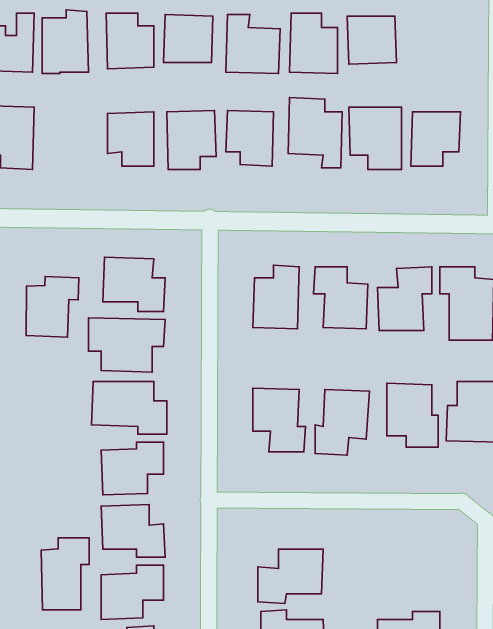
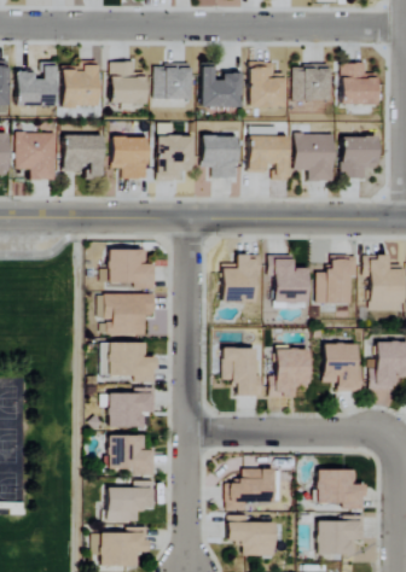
building: none -> [342,63,378,105]
building: none -> [63,136,103,179]
building: [26,277,79,337] -> none
building: [41,538,89,610] -> none
building: none -> [317,469,364,508]

